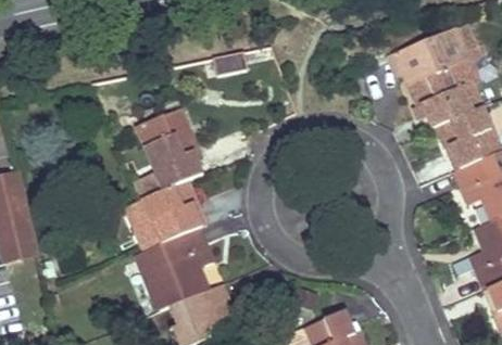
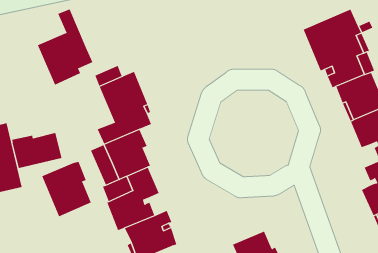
building: none -> [37,9,93,85]
building: none -> [12,132,62,169]
building: none -> [42,161,92,217]

